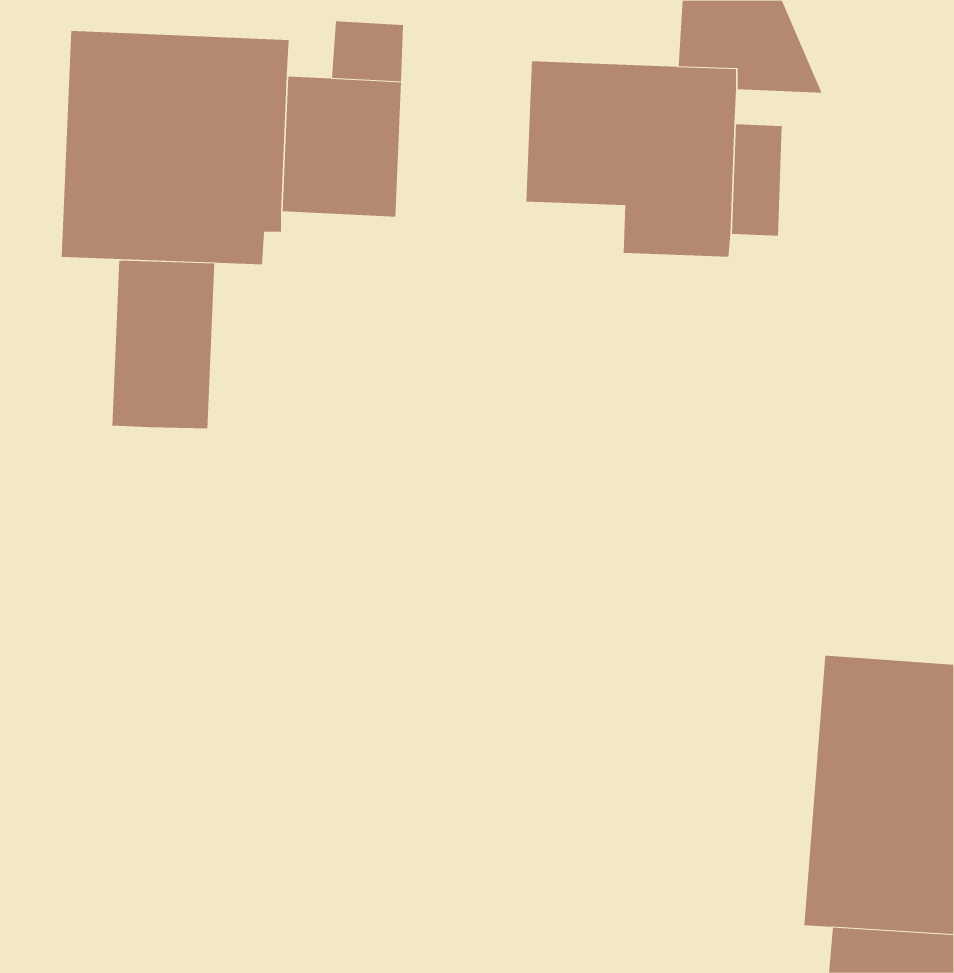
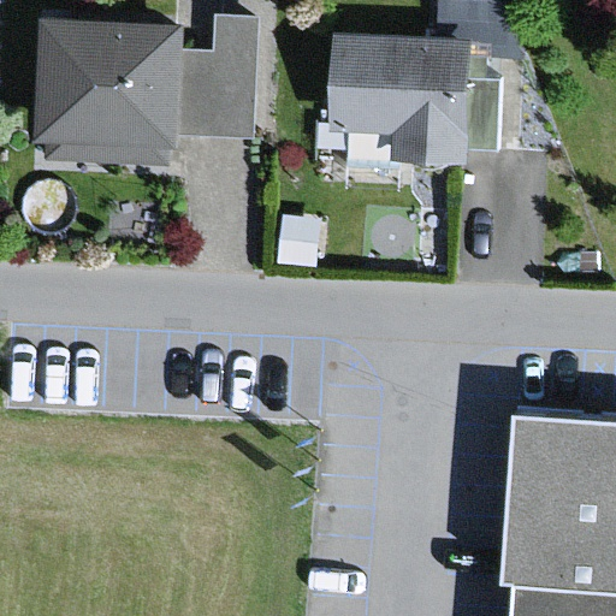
building: [112,260,215,429] -> none

